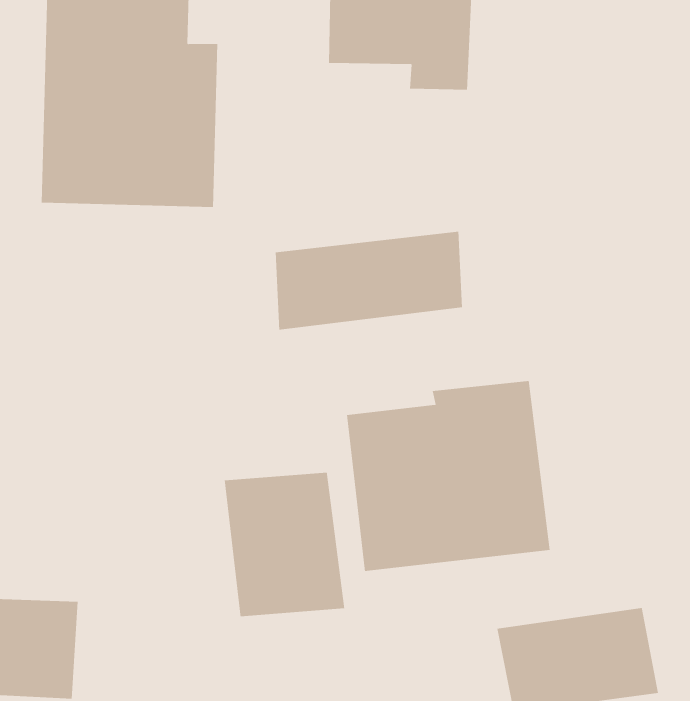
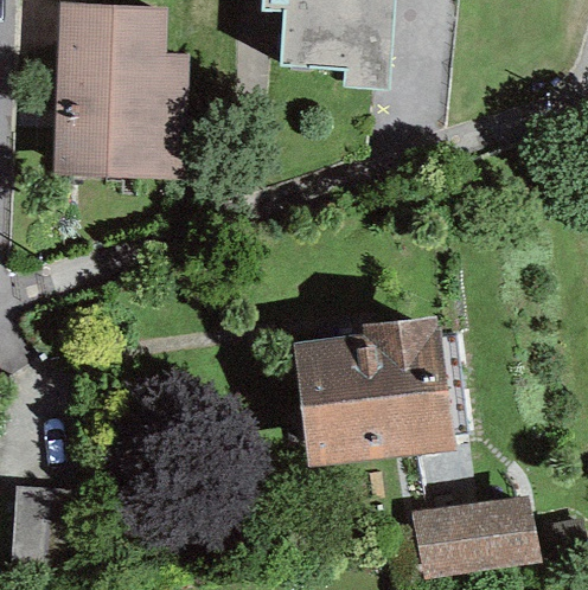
building: [275,231,462,330] -> none
building: [224,472,345,617] -> none

